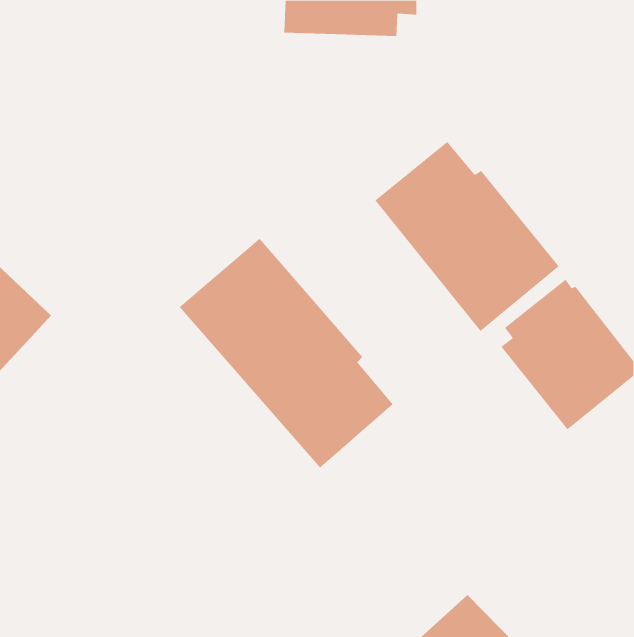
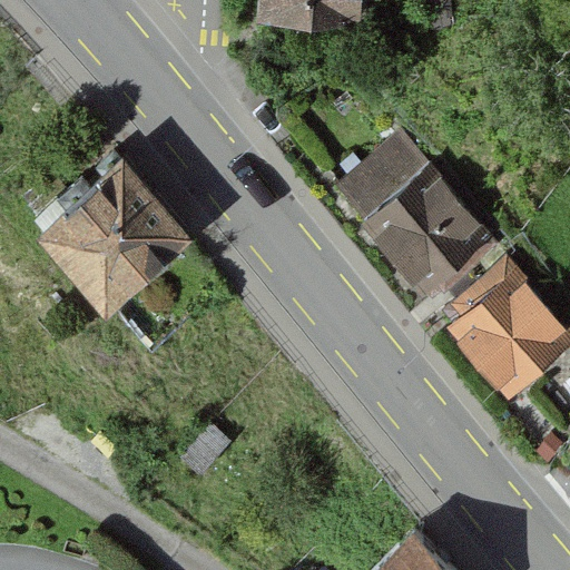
building: none -> [45,163,193,311]
building: [179,238,393,468] -> none

